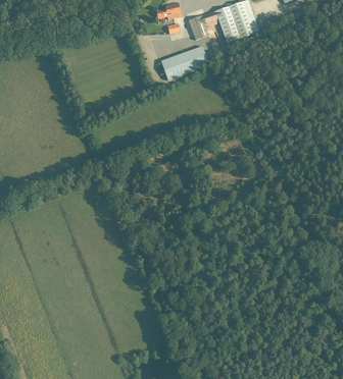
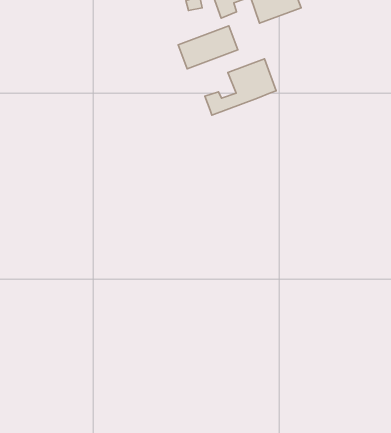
building: none -> [205,59,276,115]

